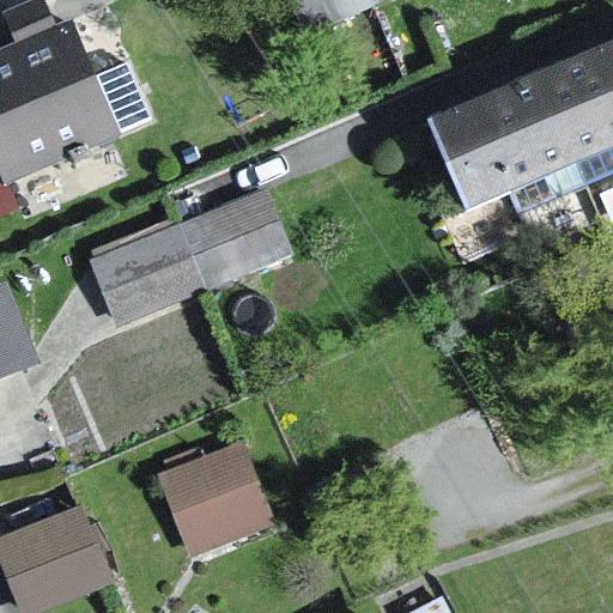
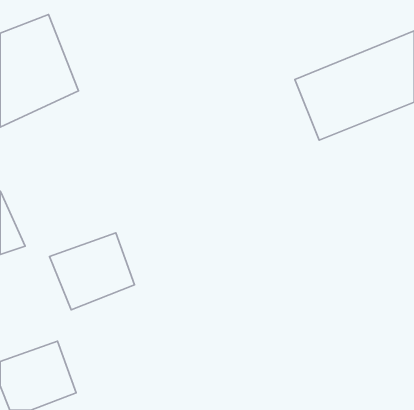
building: [84,190,283,322] -> none
building: [153,444,279,558] -> [49,233,134,310]

